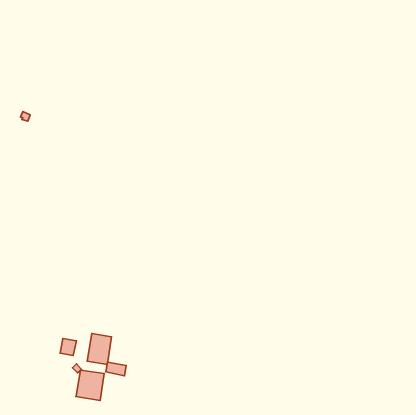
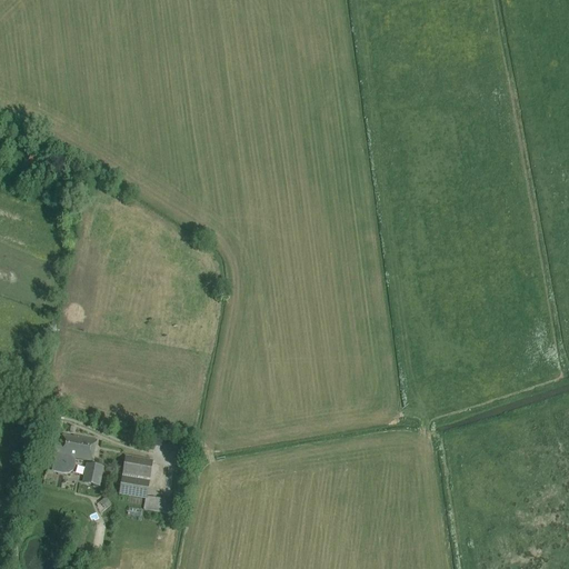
building: none -> [52,435,96,472]
building: [76,370,104,400] -> none

